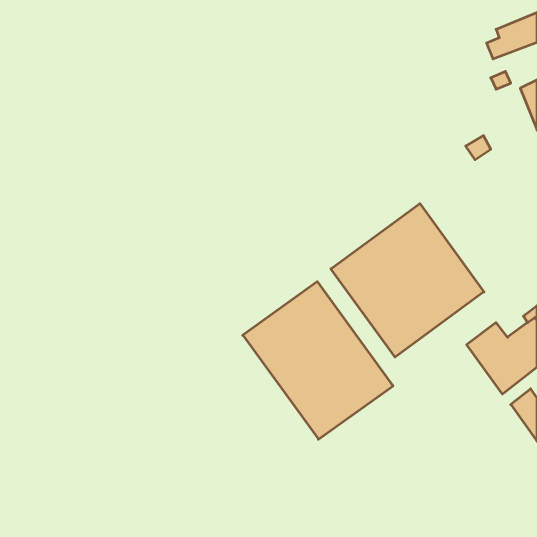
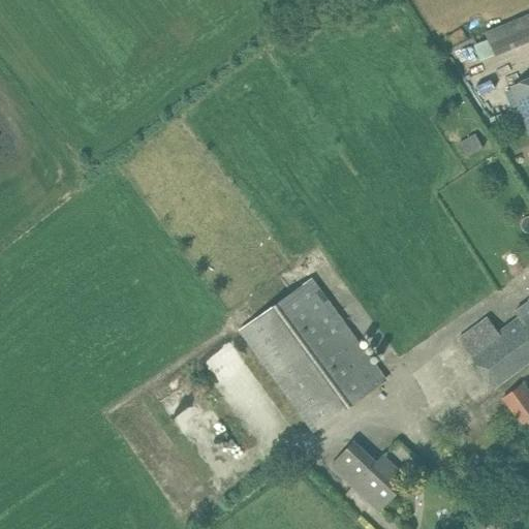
building: [331,204,484,357] -> none
building: none -> [331,441,407,510]

